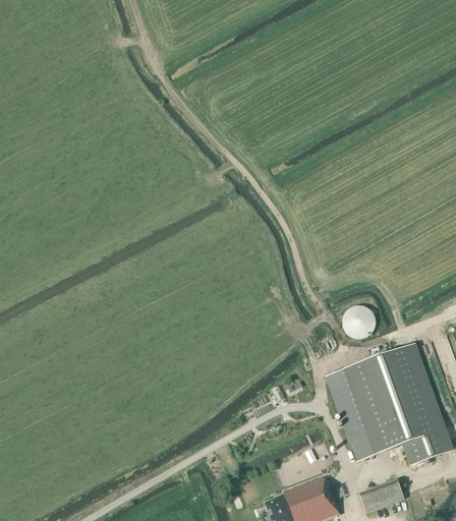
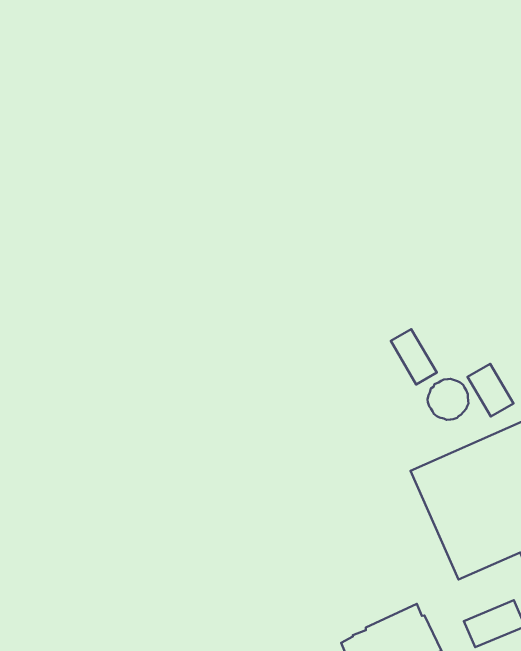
building: none -> [391,329,437,384]
building: none -> [468,364,513,417]

